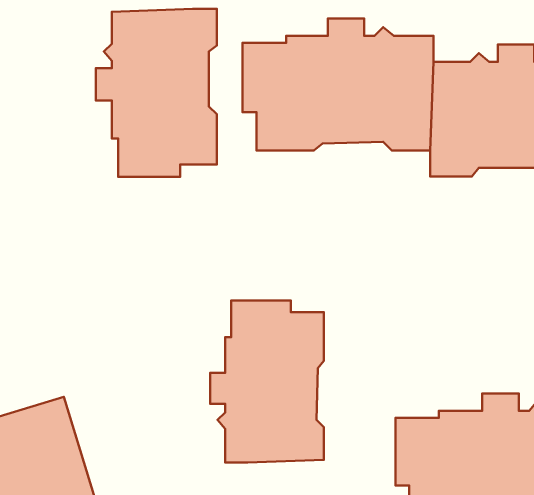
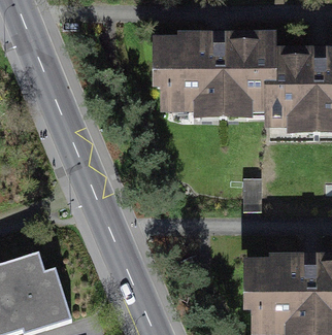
building: [96,9,217,177] -> none
building: [210,300,324,463] -> none

